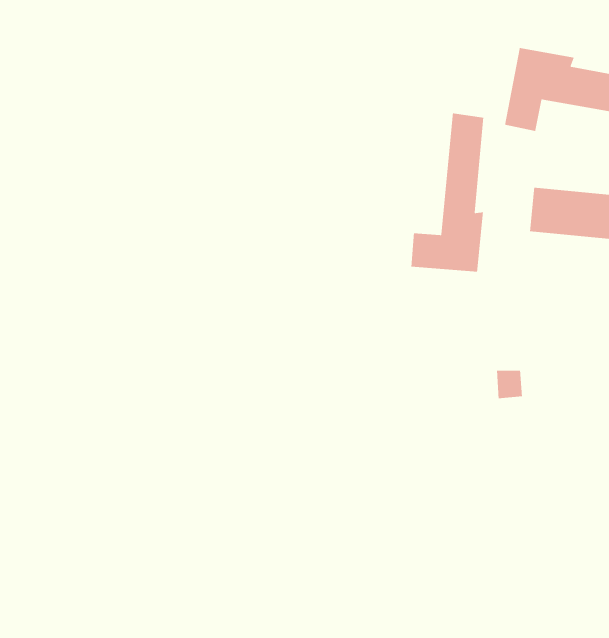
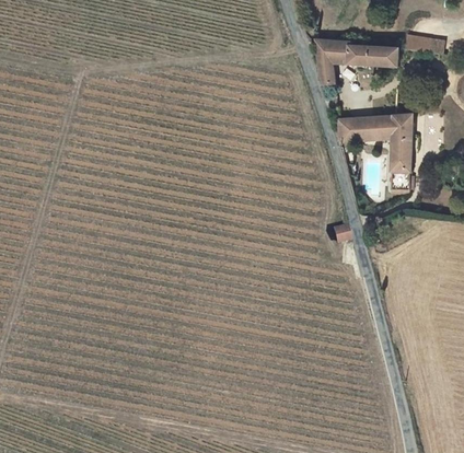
building: [410,113,484,273] -> none

